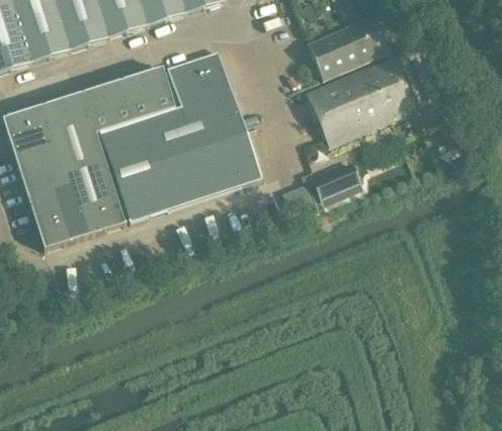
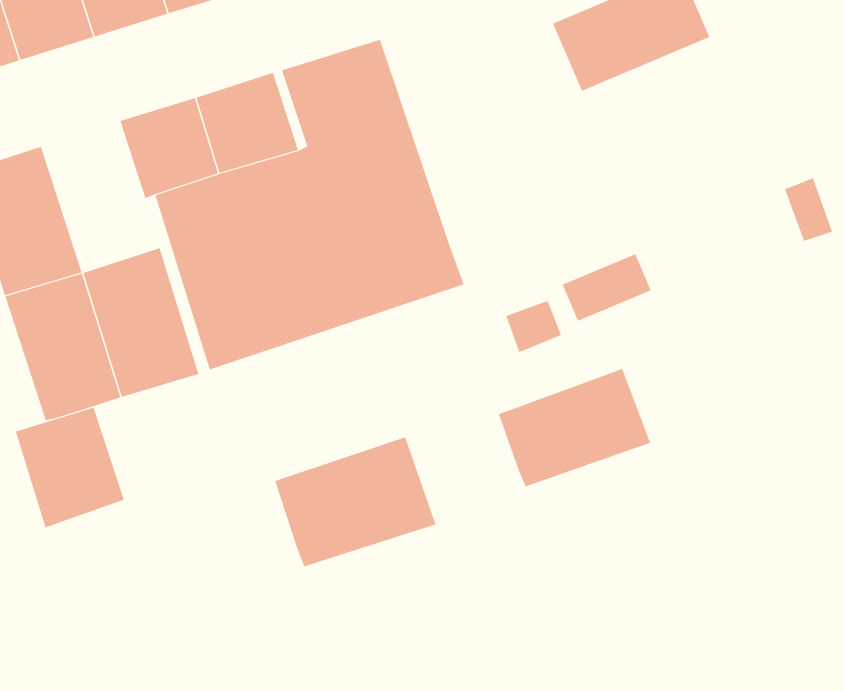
building: [307,55,415,144] -> none
building: [43,92,104,171] -> none
building: none -> [498,368,651,487]
building: none -> [15,407,124,528]
building: none -> [275,437,436,567]

